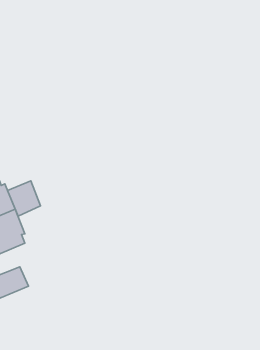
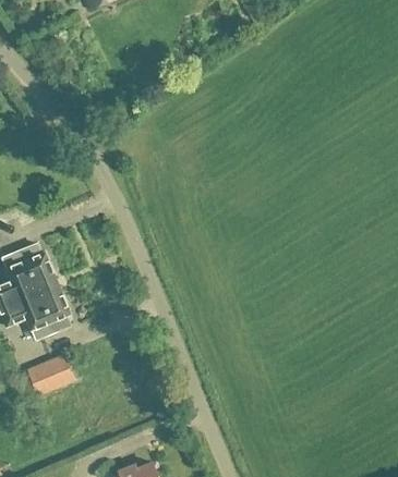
building: [8,181,41,216] -> none

